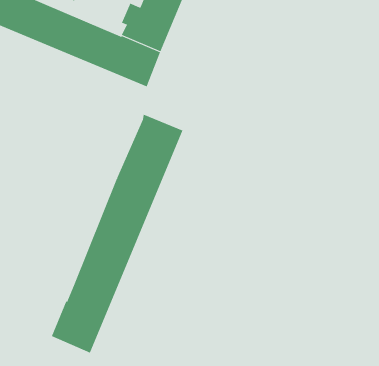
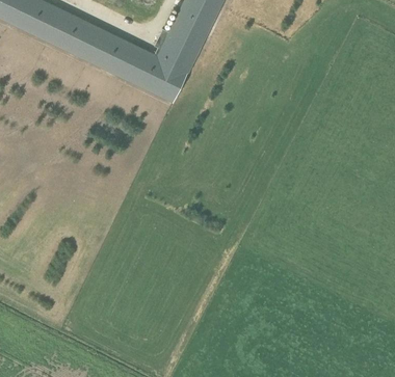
building: [51,114,183,354] -> none

